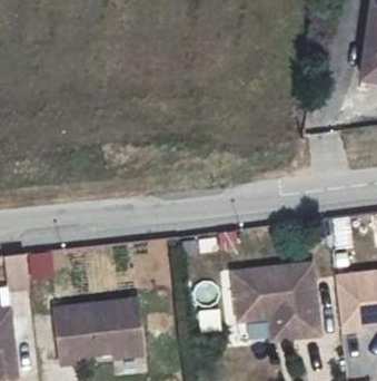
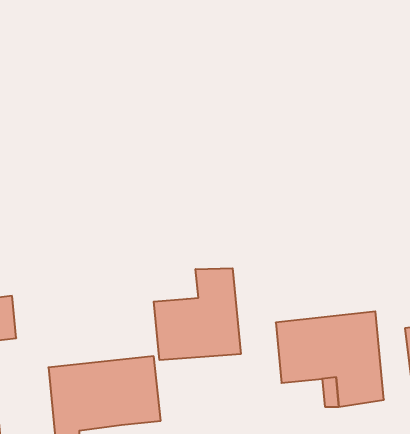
building: none -> [154,268,241,360]

